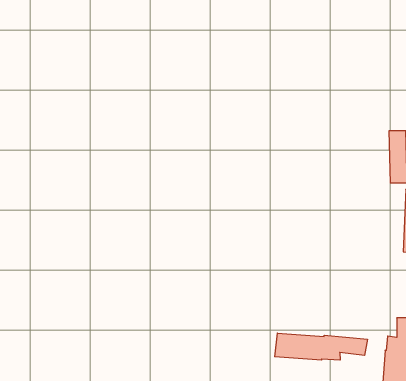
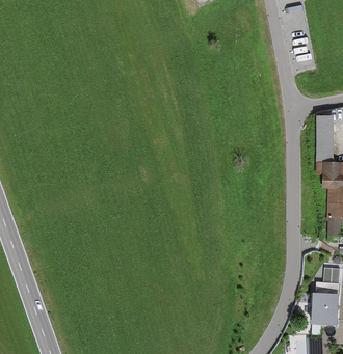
building: [275,333,367,360] -> none

